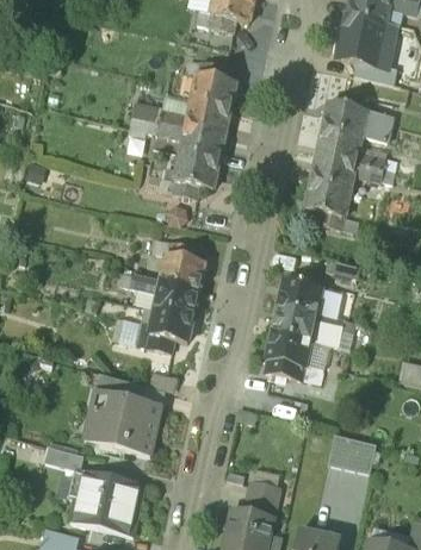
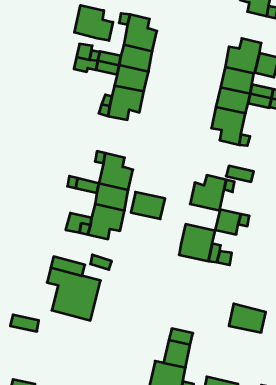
building: none -> [74,5,113,41]
building: [271,307,315,342] -> [131,192,165,219]
building: [70,474,142,535] -> none

